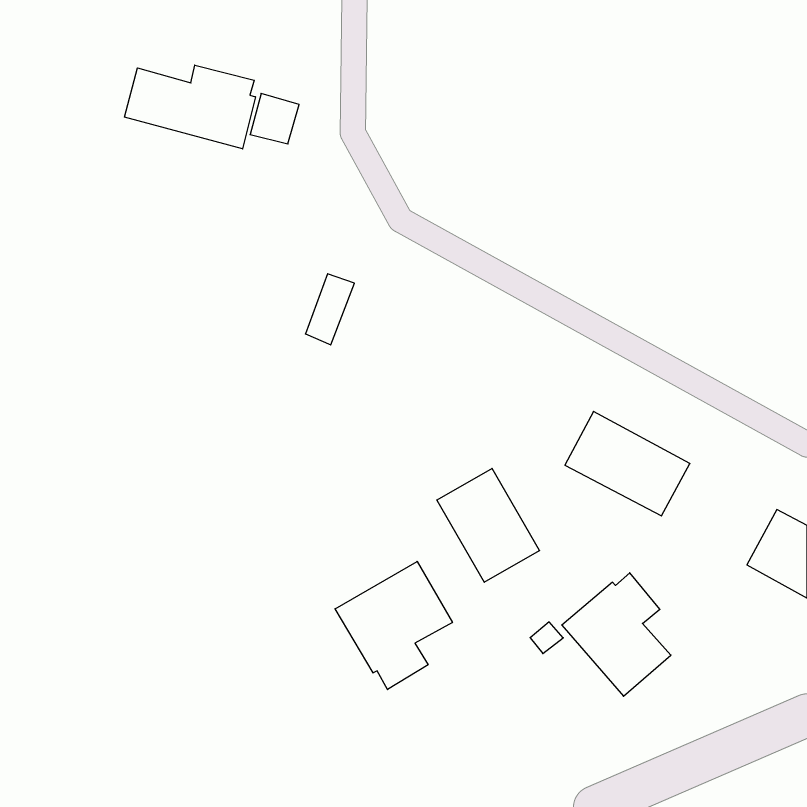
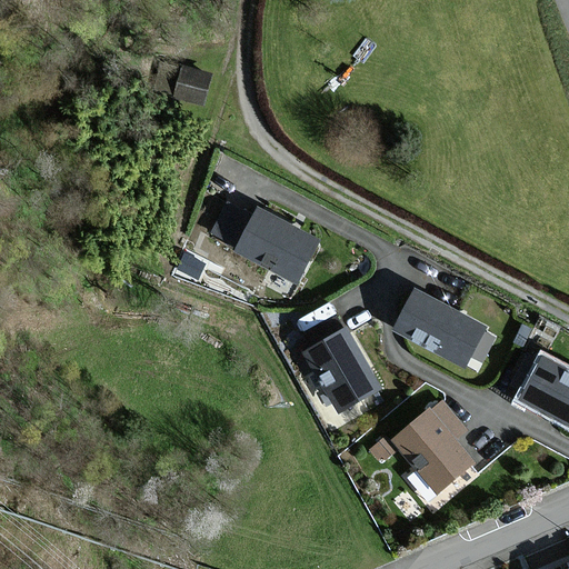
building: [124,65,255,149] -> none
building: none -> [238,209,318,279]
building: [335,561,452,690] -> none

